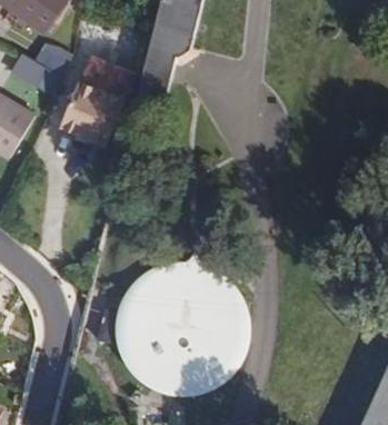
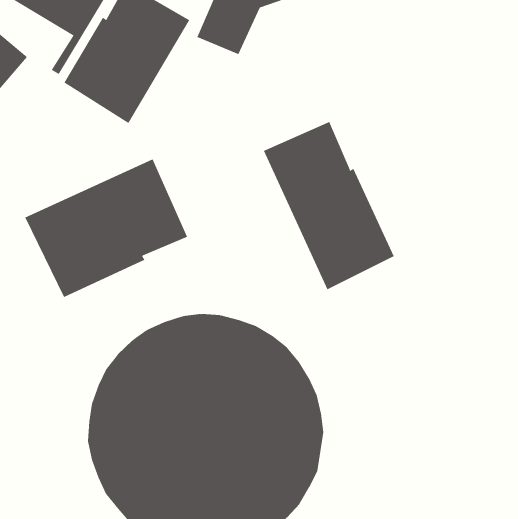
building: none -> [263,121,394,290]
building: none -> [25,158,188,298]

